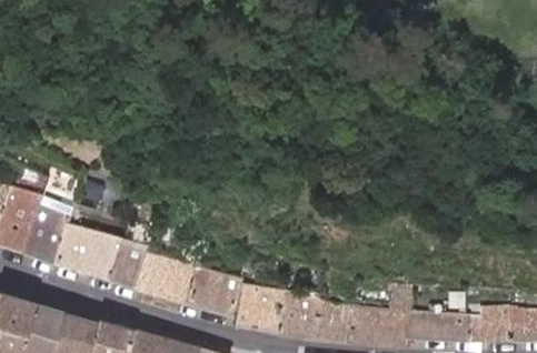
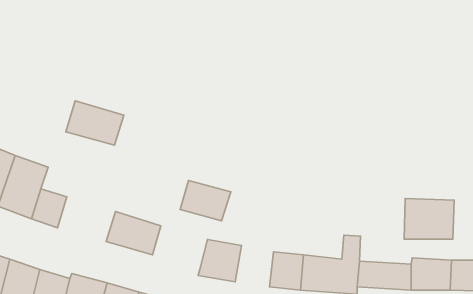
building: [83,241,146,289] -> [66,101,124,145]
building: none -> [404,199,454,239]
building: [186,272,240,315] -> [180,180,231,221]
building: [275,293,316,337] -> none

